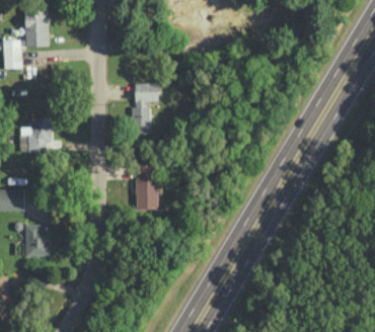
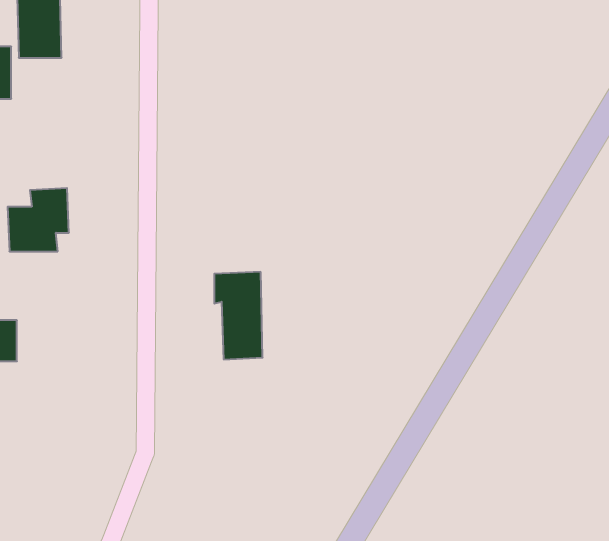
building: [132,82,159,134] -> none
building: [25,224,50,256] -> none

